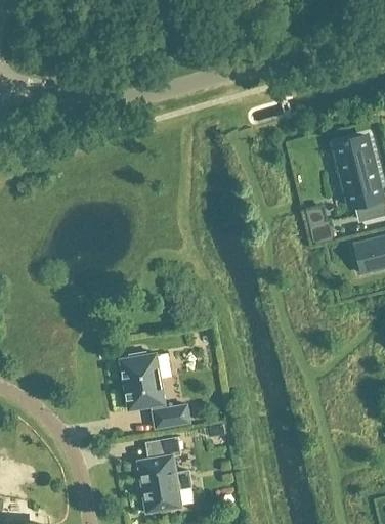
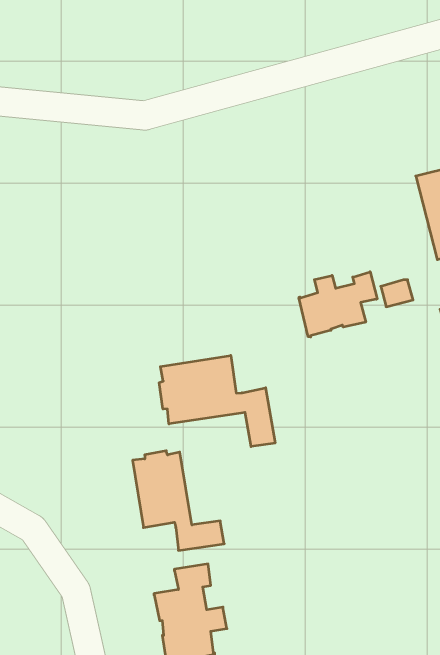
building: none -> [299,272,377,337]
building: none -> [159,355,275,447]

